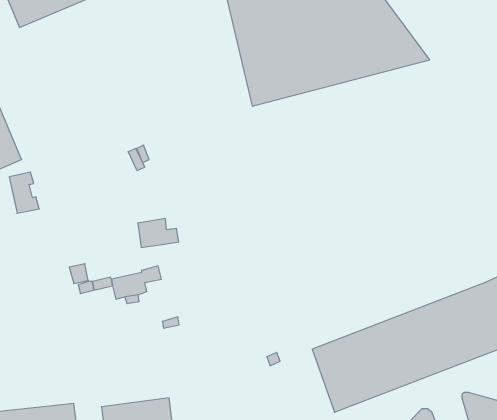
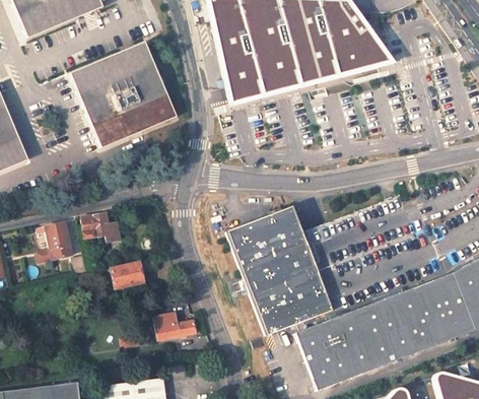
building: none -> [70,40,177,146]
building: [9,172,39,213] -> [46,220,73,258]
building: none -> [227,205,332,334]
building: [138,219,179,247] -> [81,211,119,238]
building: none -> [154,312,196,338]

